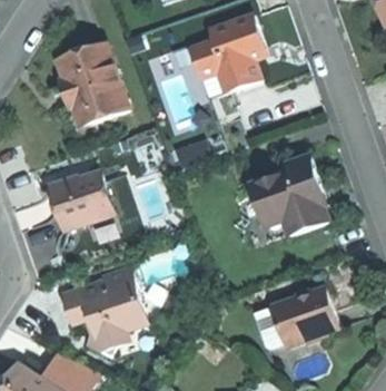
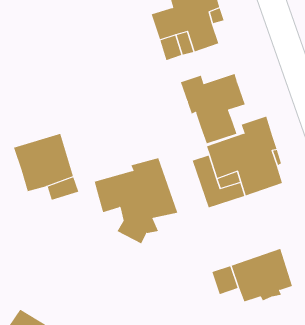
building: [59,42,128,125] -> none
building: none -> [180,73,246,144]
building: [62,267,149,356] -> [94,158,178,244]

